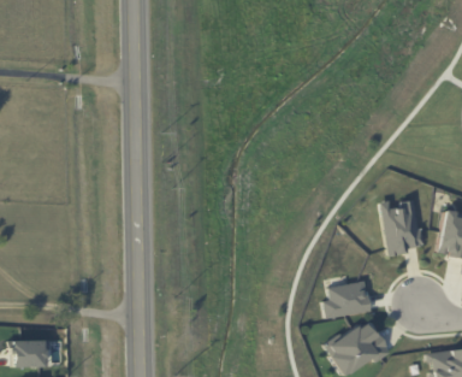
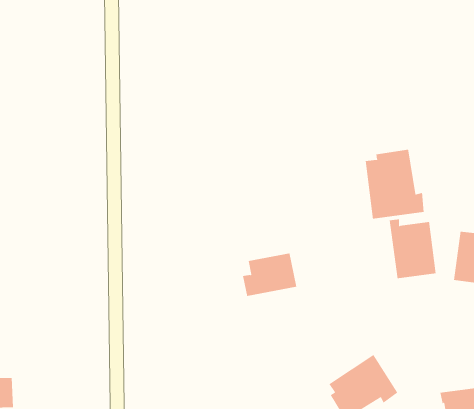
building: none -> [365,149,424,220]
building: [324,281,372,319] -> [242,253,297,296]

